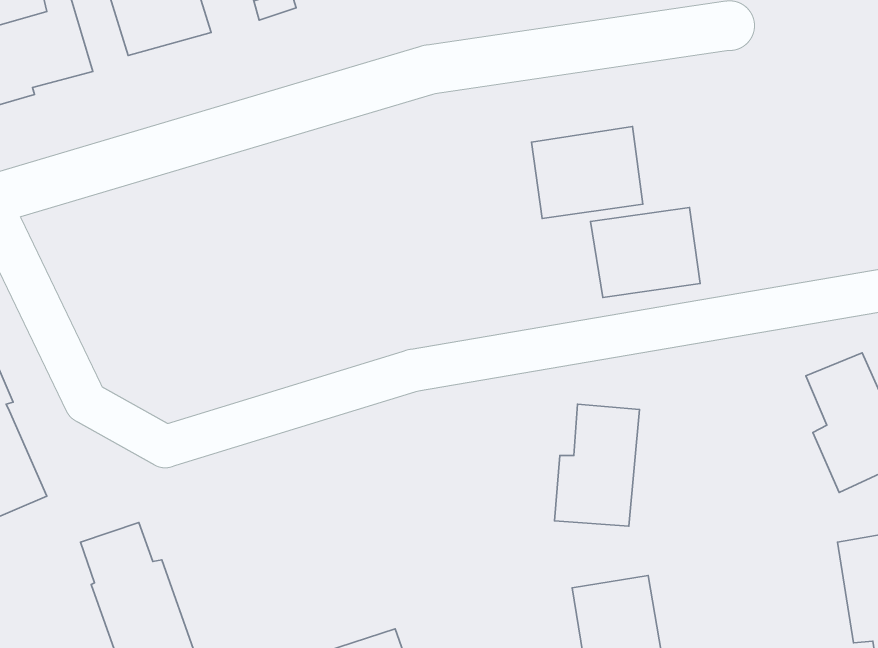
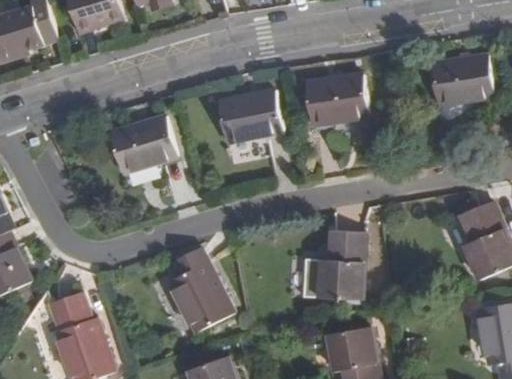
building: none -> [217,88,281,143]
building: none -> [109,116,176,173]
building: [591,207,700,298] -> [430,54,492,105]
building: none -> [168,247,233,331]

